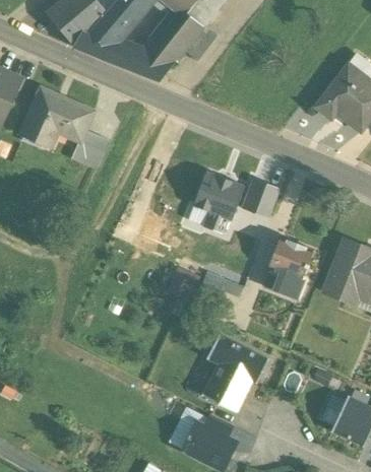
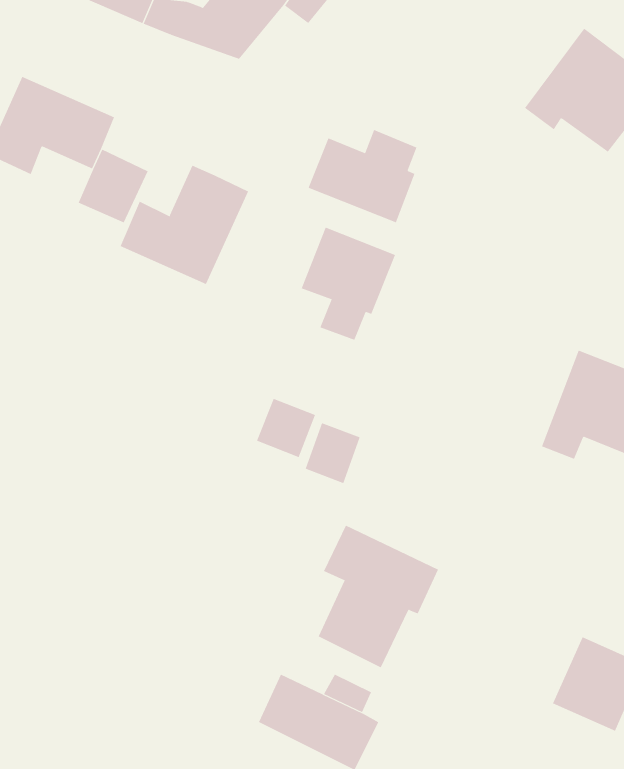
building: none -> [308,129,417,223]
building: none -> [120,165,249,285]
building: [242,179,280,217] -> none
building: [265,238,313,297] -> none

